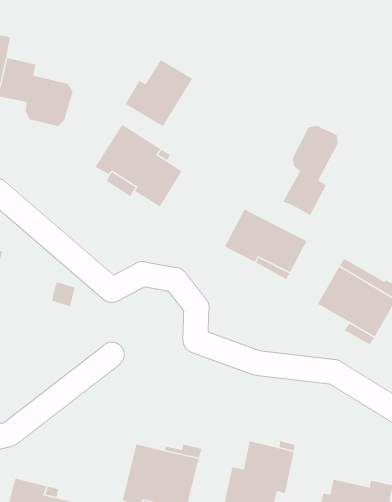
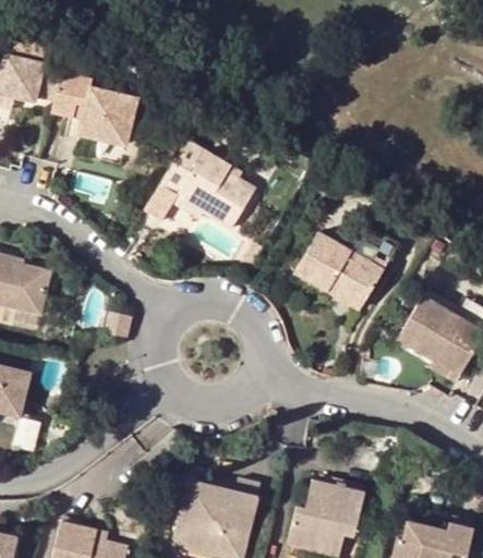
building: [125,59,193,127] -> none
building: [282,125,338,216] -> none

